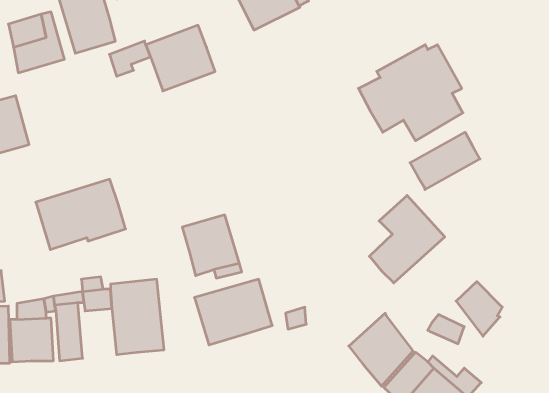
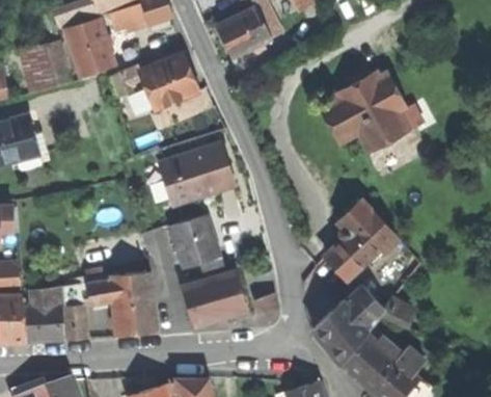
building: [410,132,480,190] -> none
building: [36,179,126,250] -> [159,143,236,204]
building: [456,282,502,336] -> [346,286,385,333]

